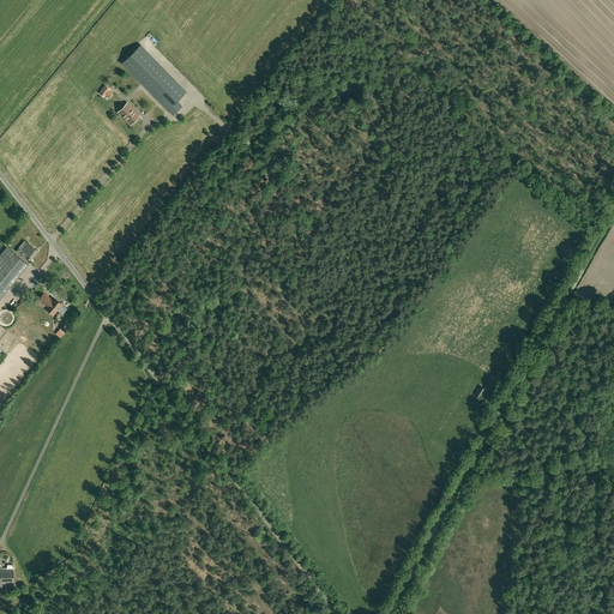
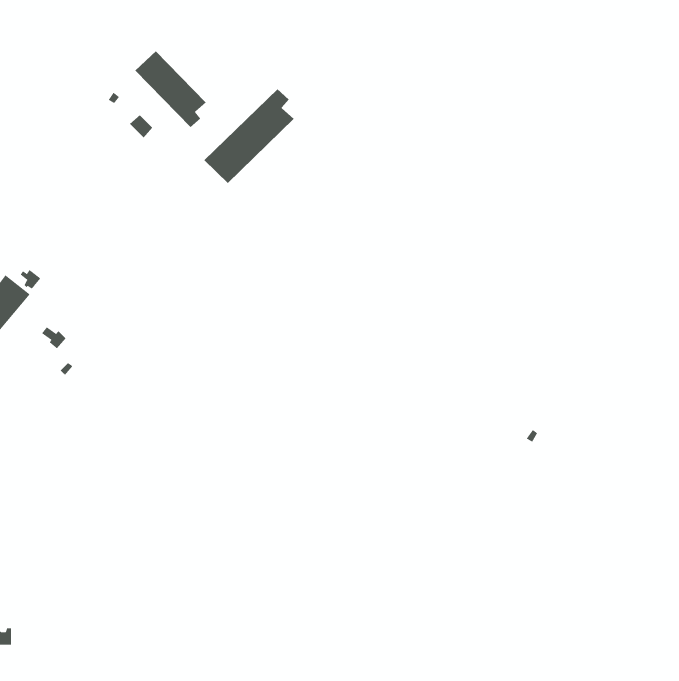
building: none -> [204,88,294,184]

